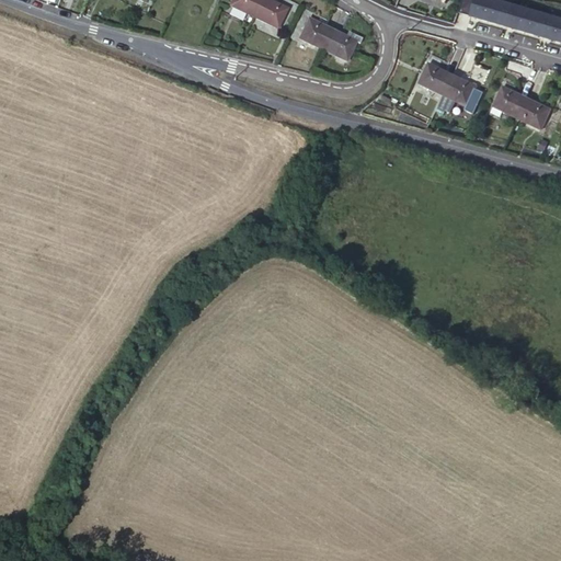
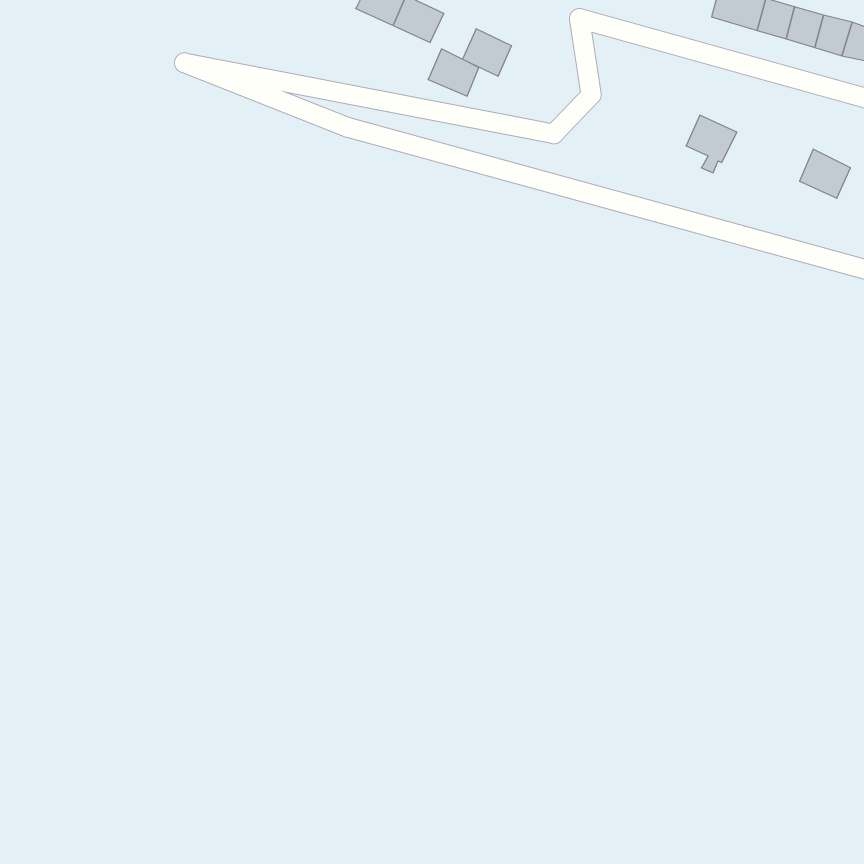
building: [323,30,356,60] -> [428,49,479,96]
building: [421,62,454,94] -> none
building: [492,85,527,117] -> none

